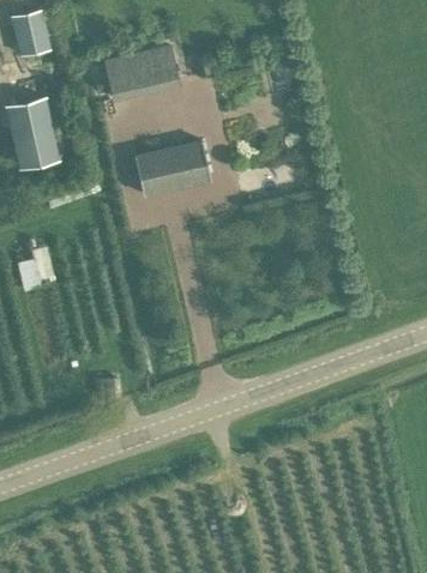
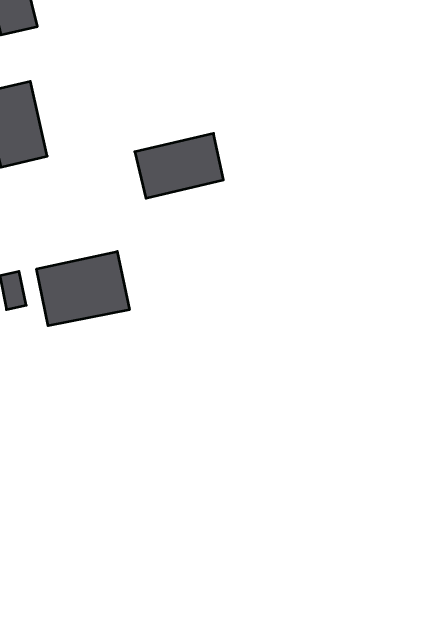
building: [104,46,181,101] -> none
building: none -> [37,251,129,326]

